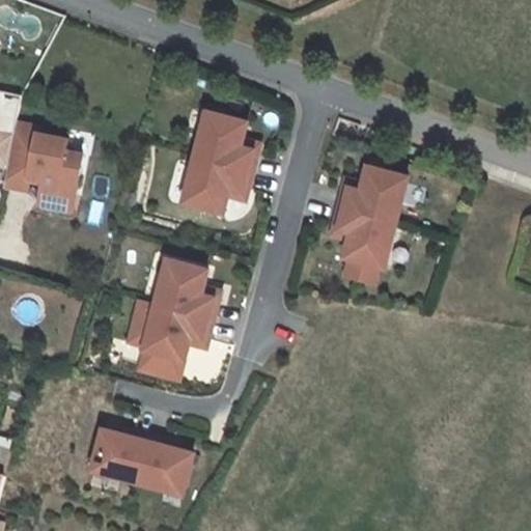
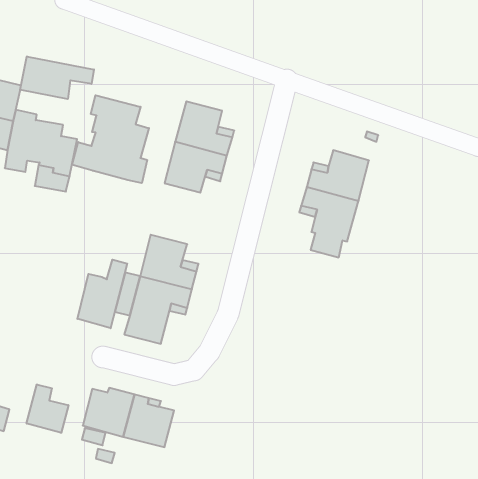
building: none -> [20,56,94,99]
building: none -> [72,95,149,183]
building: none -> [77,260,127,328]
building: none -> [27,384,68,433]

